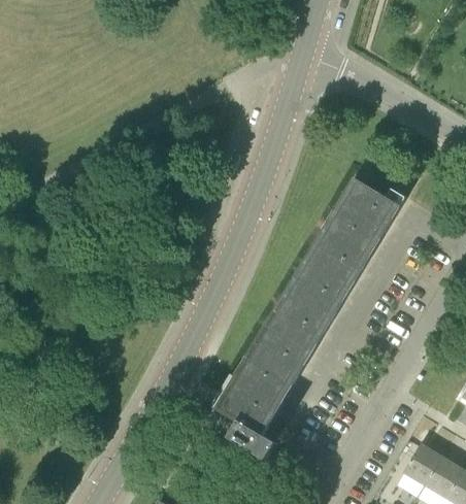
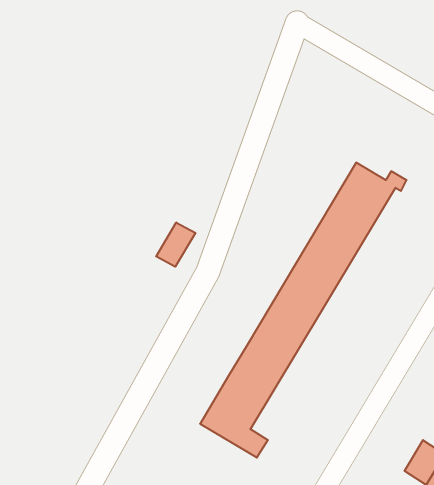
building: none -> [156,222,195,267]

